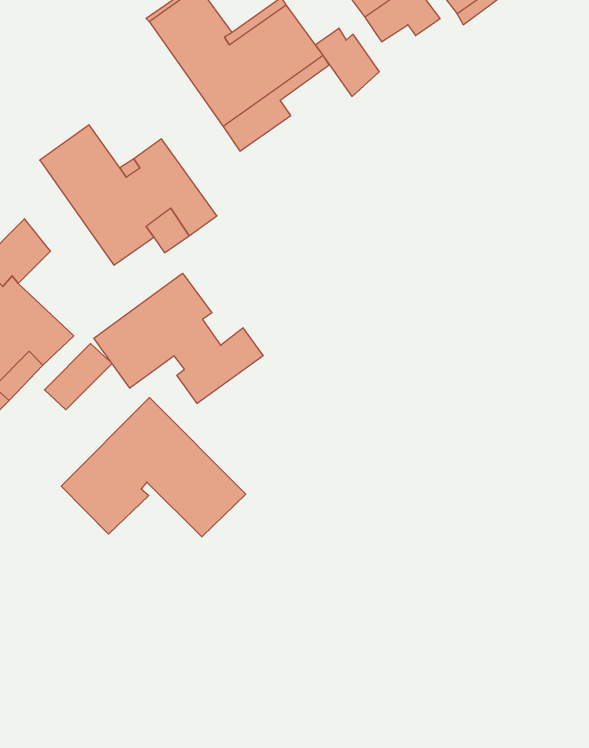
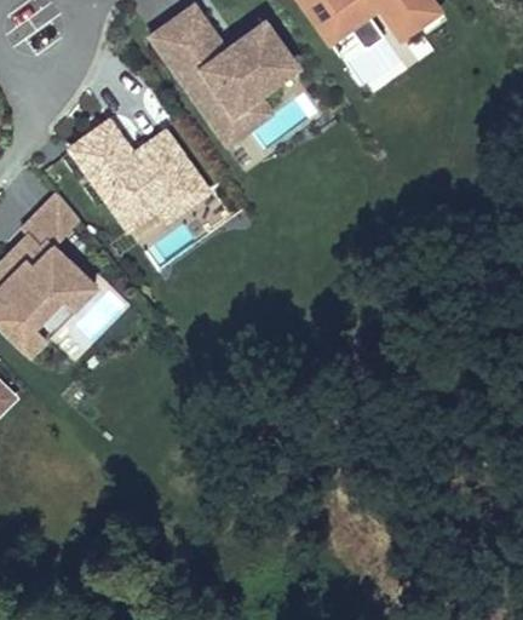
building: [315,28,379,96] -> none
building: [94,273,263,403] -> none
building: [61,398,246,537] -> none

